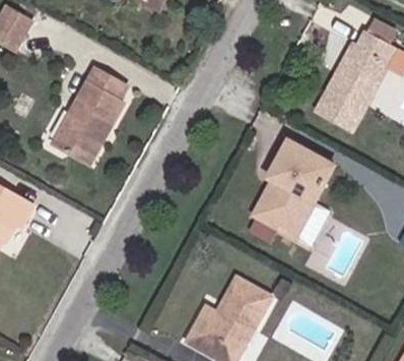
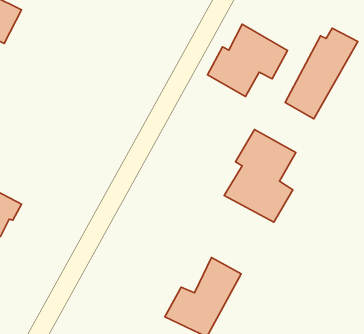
building: none -> [207,24,287,97]
building: [54,65,123,156] -> none

